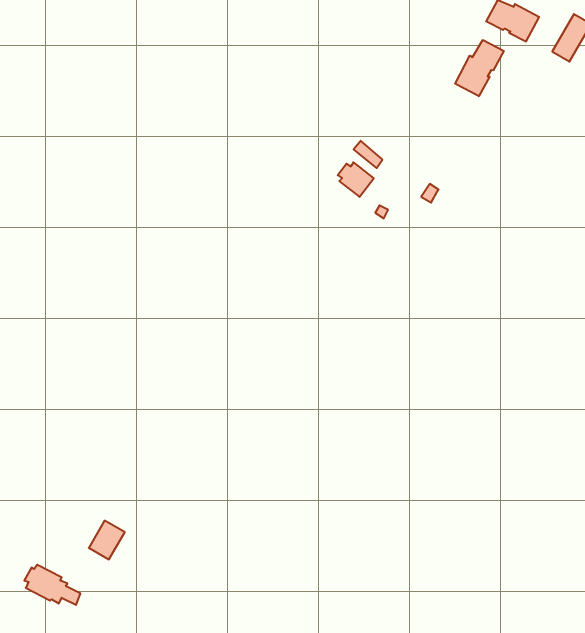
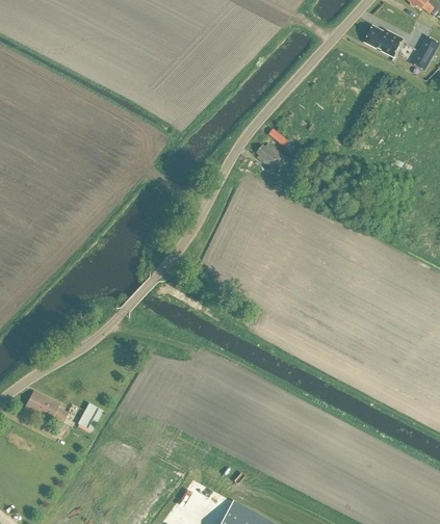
building: [455,40,504,96] -> none
building: [24,565,80,605] -> [25,391,66,420]

